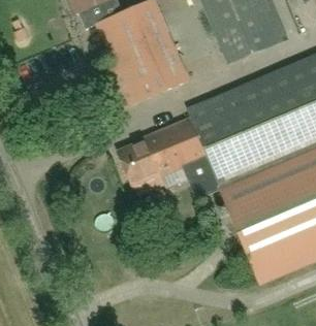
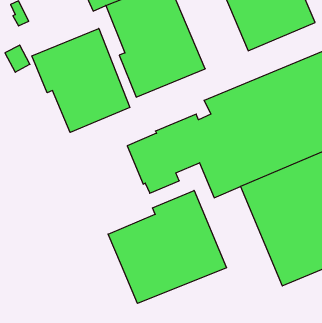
building: none -> [32,28,130,132]
building: none -> [108,190,226,303]

